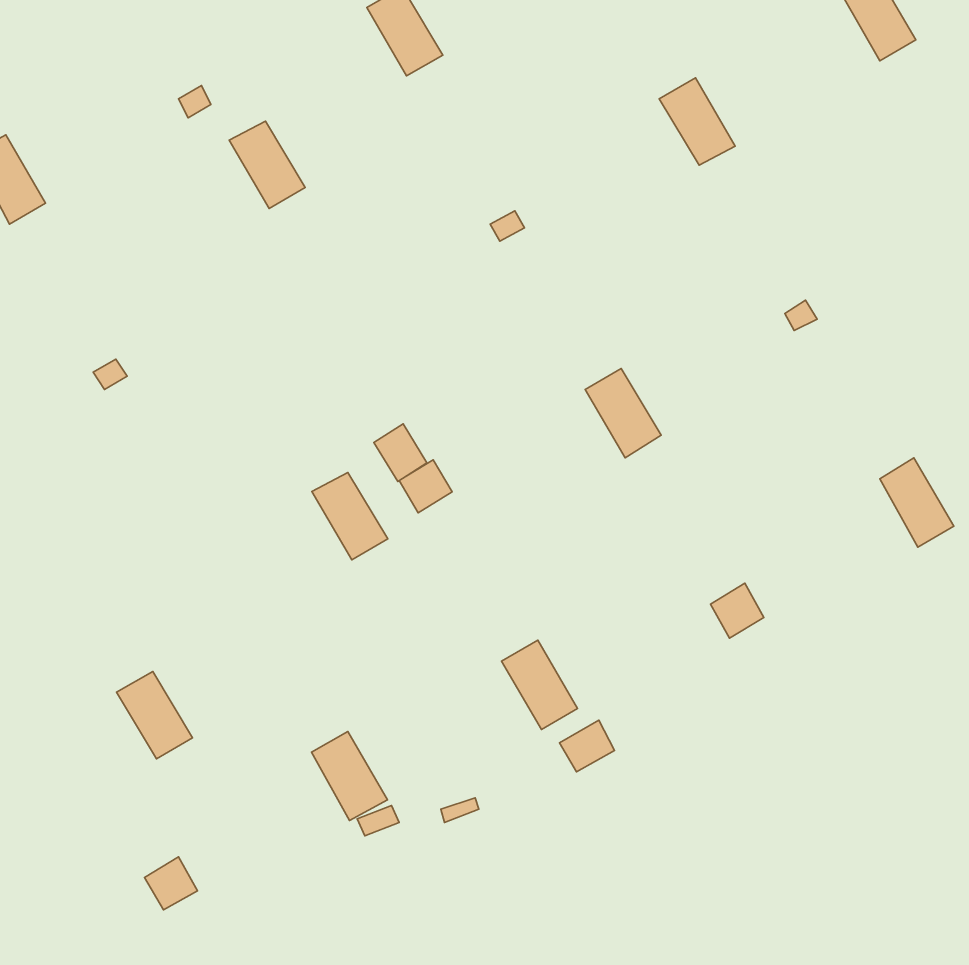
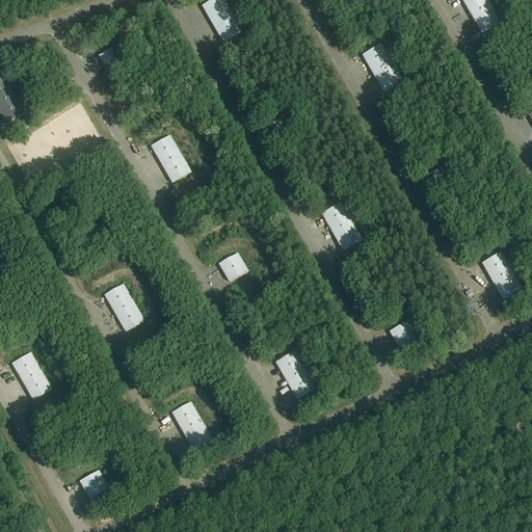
building: [229,121,305,209] -> [150,134,191,182]
building: [374,424,427,481] -> none
building: [312,472,388,560] -> [103,283,144,330]
building: [117,671,193,759] -> [10,351,52,399]
building: [560,720,614,772] -> none

